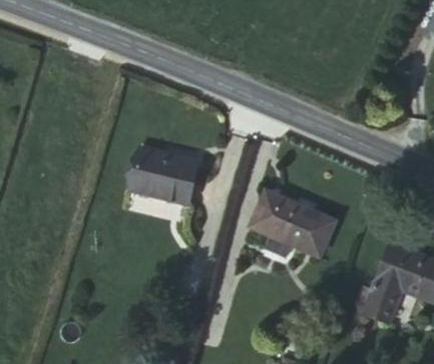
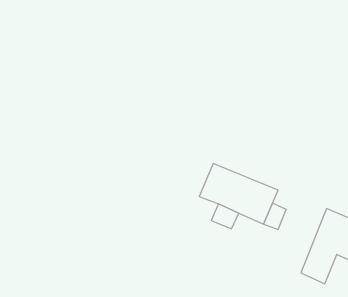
building: [129,148,198,204] -> none

